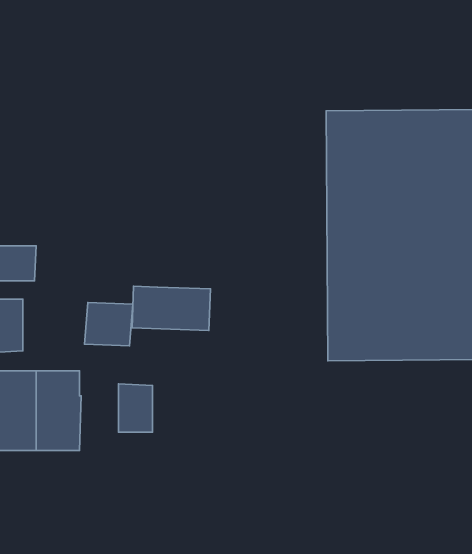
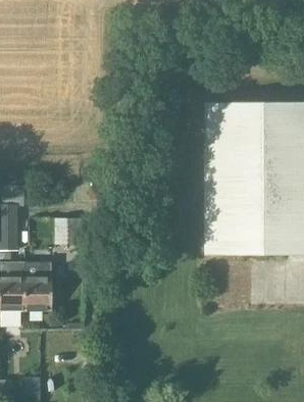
building: [132,286,210,331] -> none
building: [118,384,152,432] -> none

